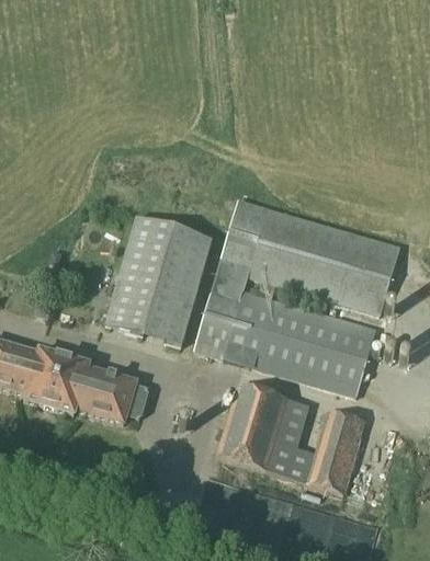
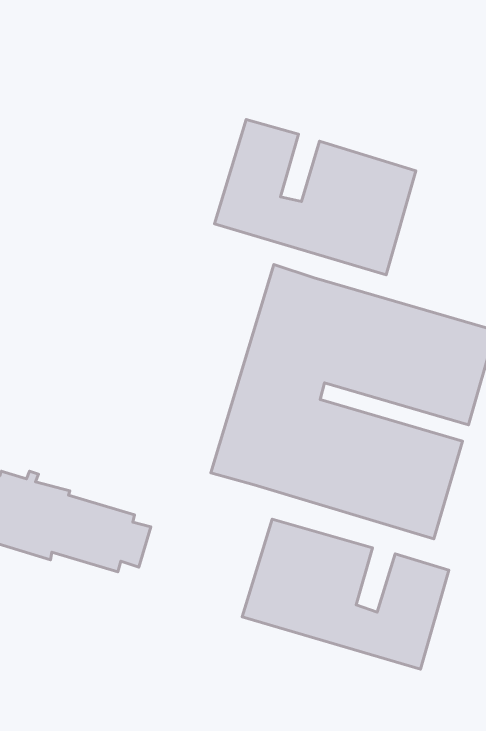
building: none -> [214,119,416,275]
building: [105,216,212,345] -> none

